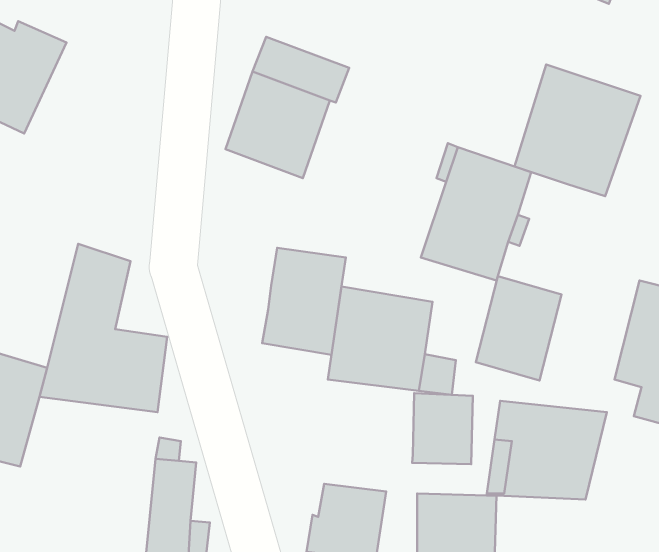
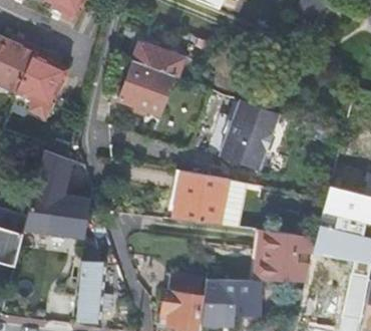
building: none -> [15,45,70,118]
building: [515,64,640,196] -> none
building: [262,248,346,355] -> none
building: [476,276,561,380] -> none
building: [412,393,473,464] -> none

